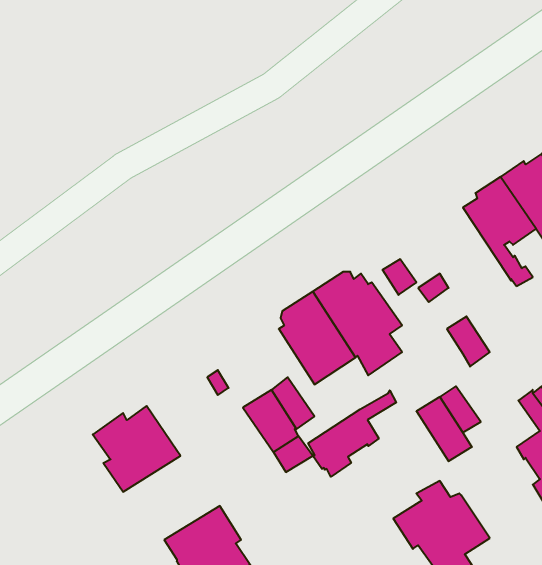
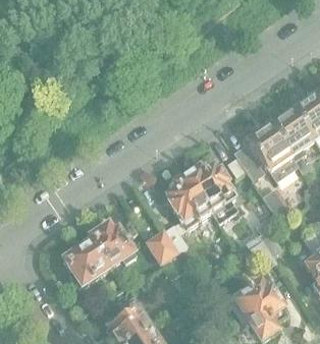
building: none -> [248,124,298,178]
building: none -> [90,222,138,263]
building: [308,390,396,477] -> none

